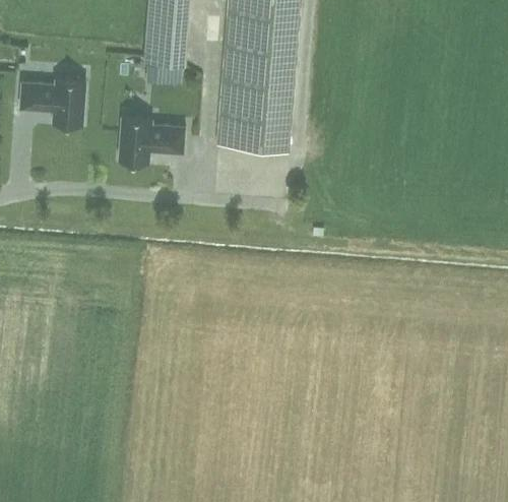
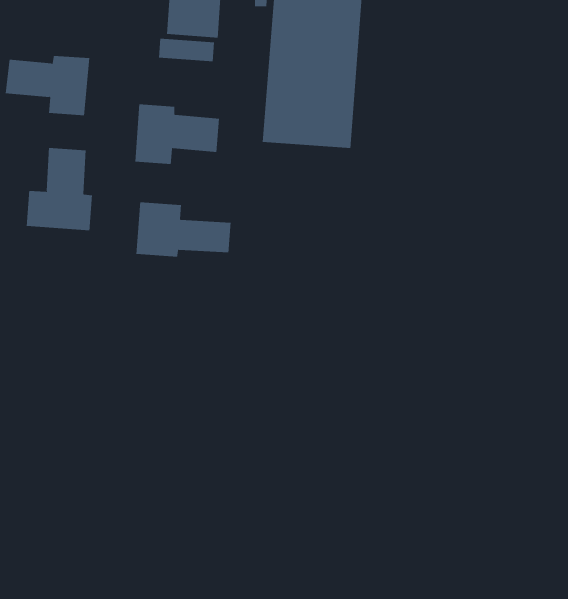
building: none -> [26,147,92,231]
building: none -> [136,202,231,258]

